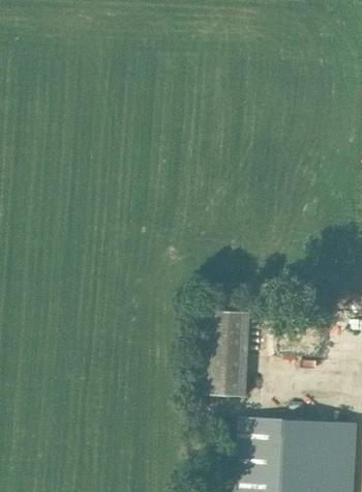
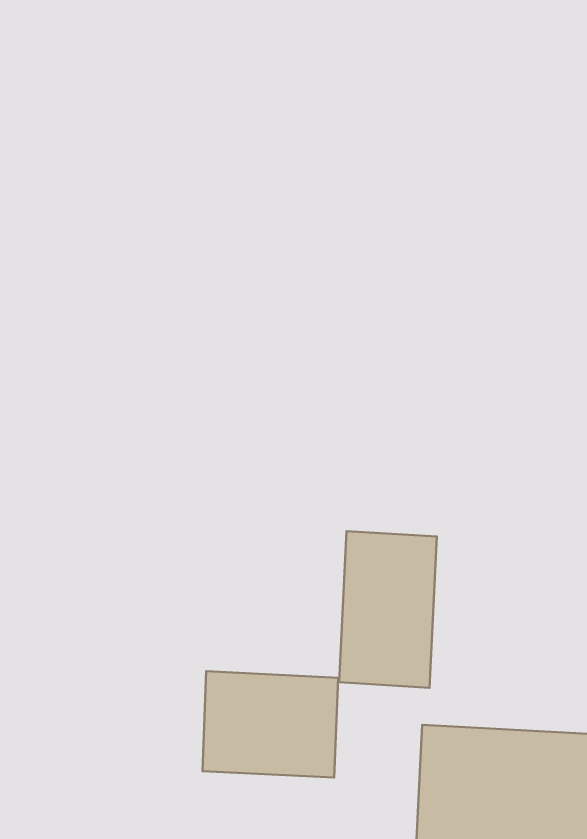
building: none -> [202,671,338,778]

